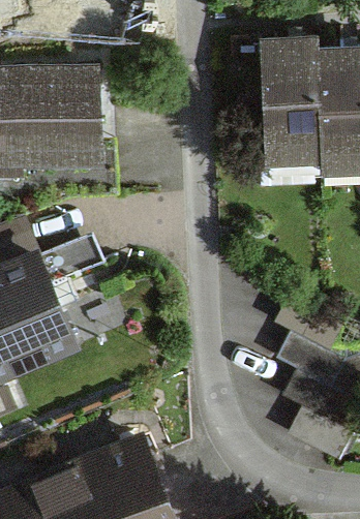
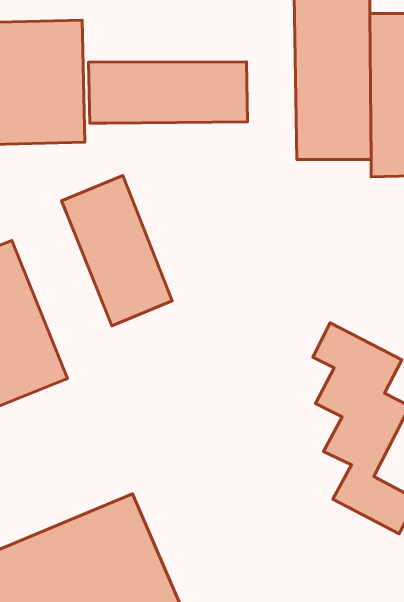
building: none -> [89,62,248,123]
building: none -> [61,175,172,326]

